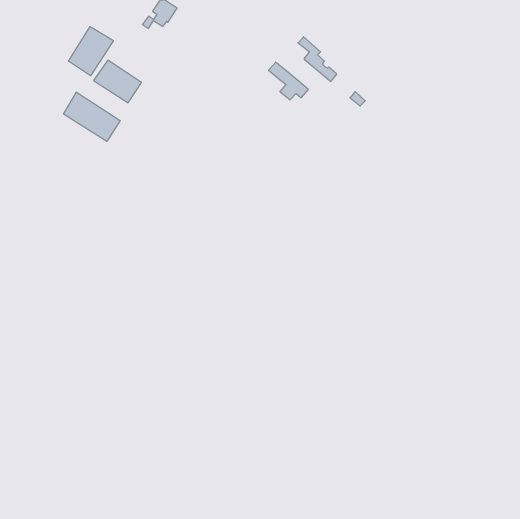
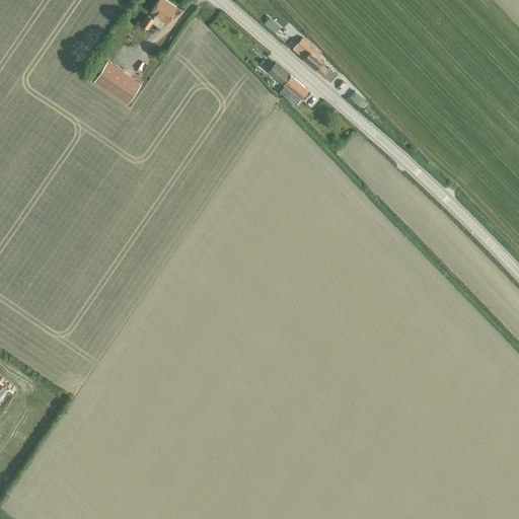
building: [68,27,113,76] -> none
building: [64,92,120,141] -> none

